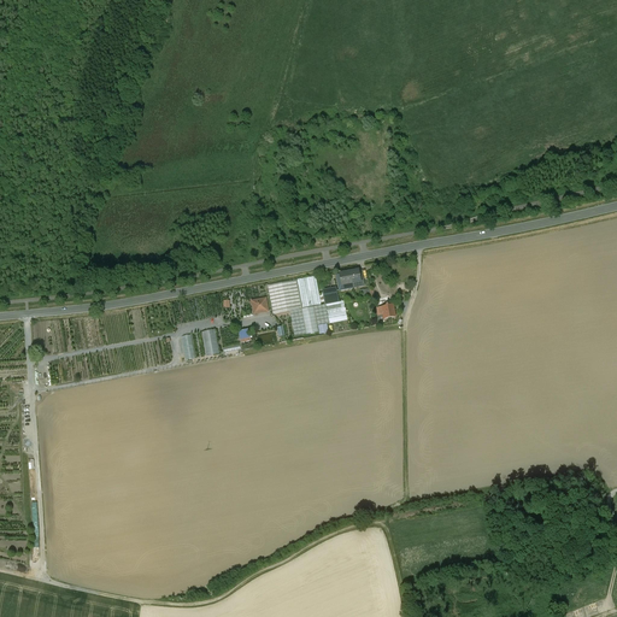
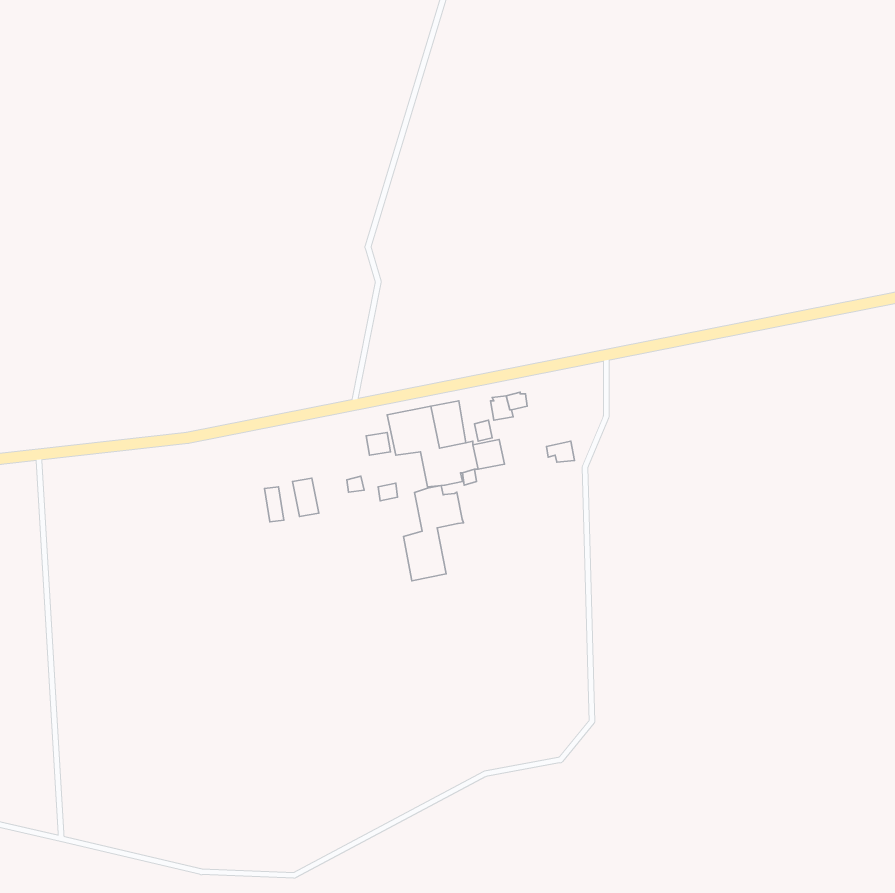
building: none -> [404,485,463,581]

